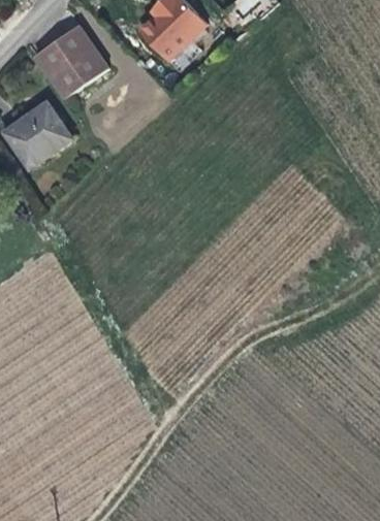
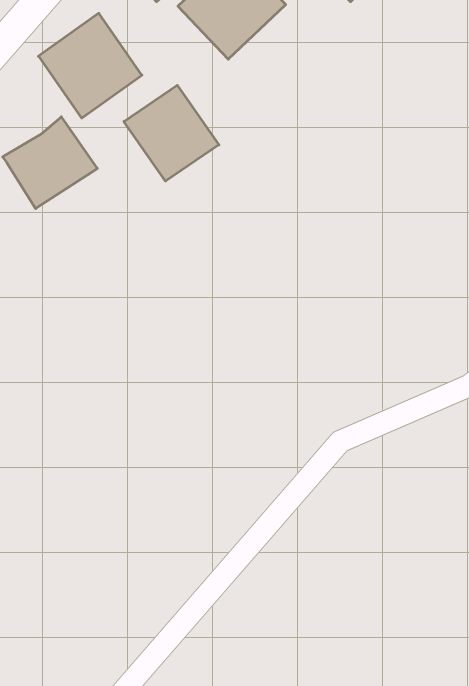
building: none -> [124,85,219,181]

